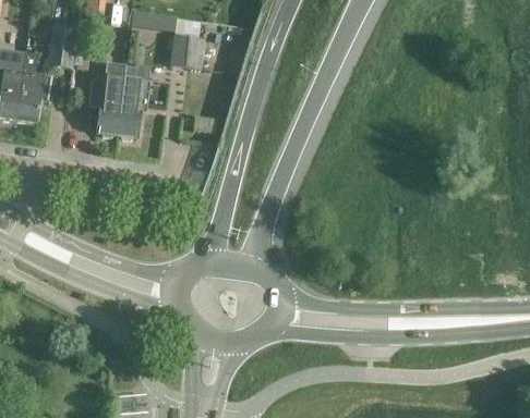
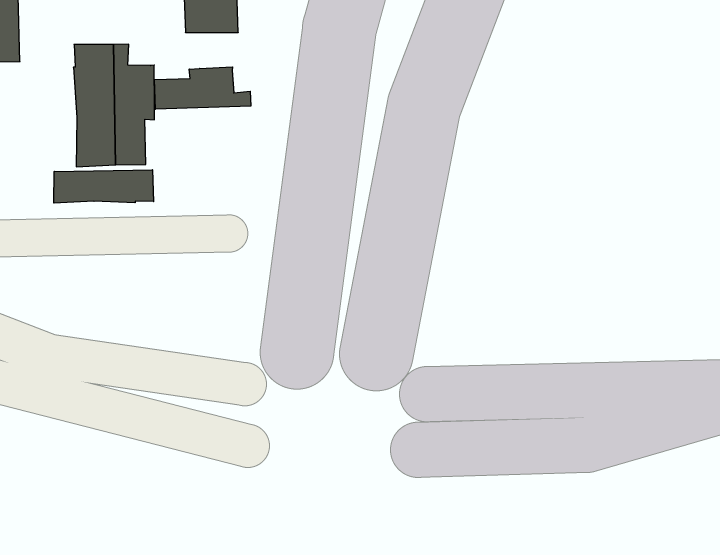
building: none -> [154,67,251,109]
building: none -> [54,170,154,203]

